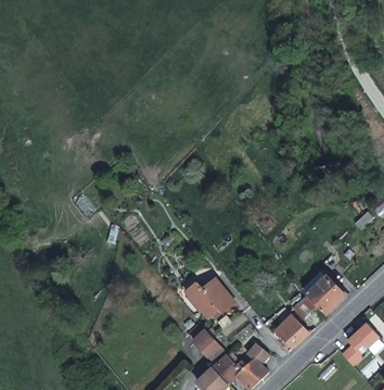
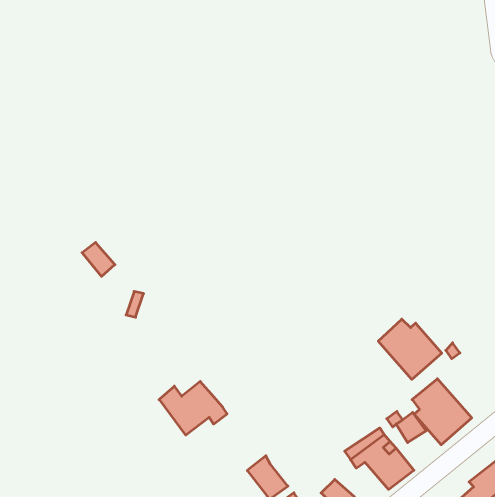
building: none -> [378,319,442,379]
building: [188,282,234,319] -> [159,381,227,435]

